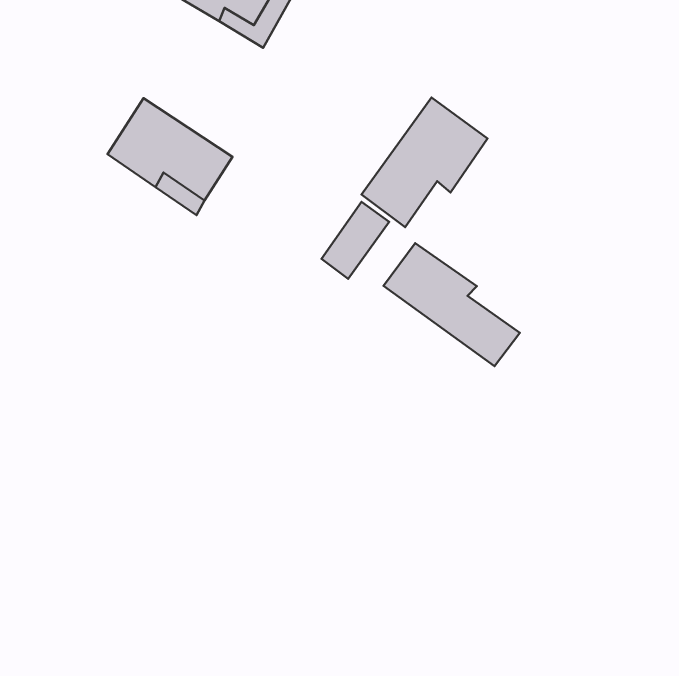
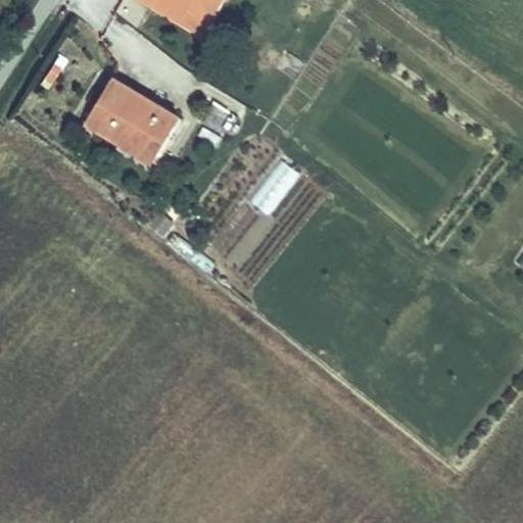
building: [361,97,487,227] -> none
building: [383,243,520,366] -> none

